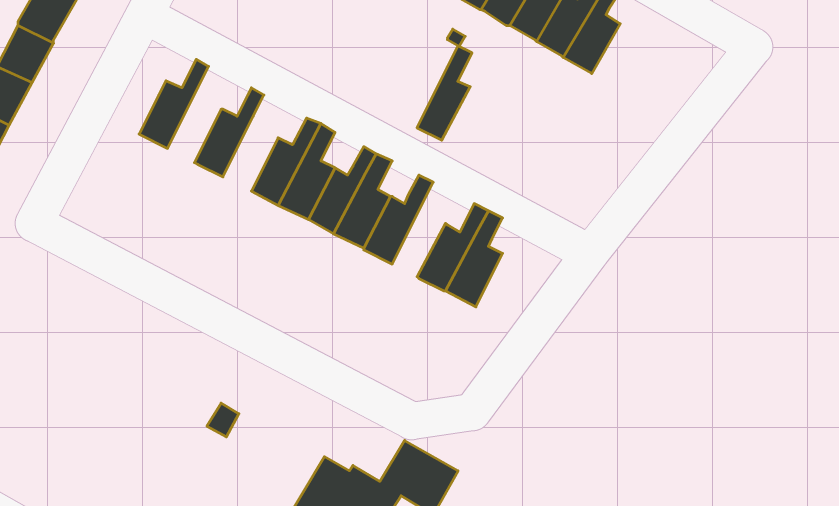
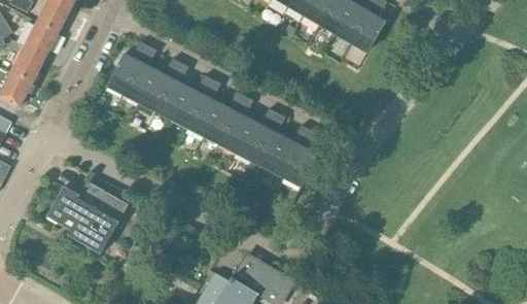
building: [417,46,472,140] -> [253,113,285,168]
building: none -> [124,46,156,102]
building: none -> [155,63,188,119]
building: none -> [45,180,129,250]

